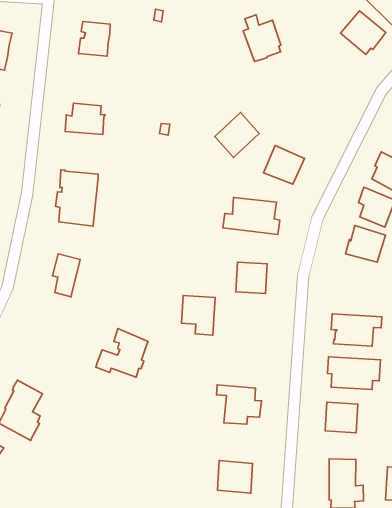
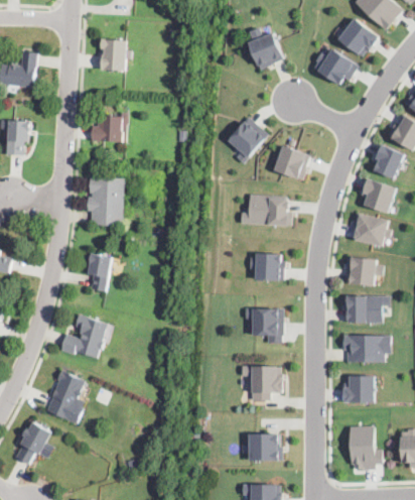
building: none -> [313,47,359,85]
building: none -> [345,255,383,284]
building: [181,296,215,335] -> [253,307,282,342]
building: [96,329,148,377] -> [60,315,107,358]

